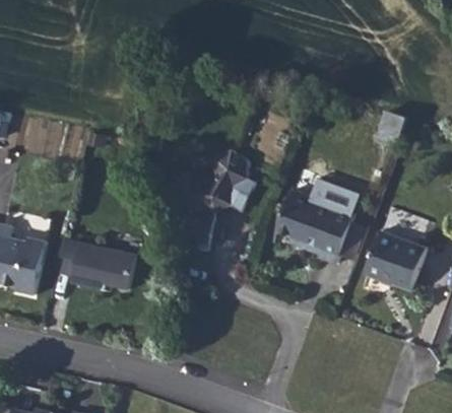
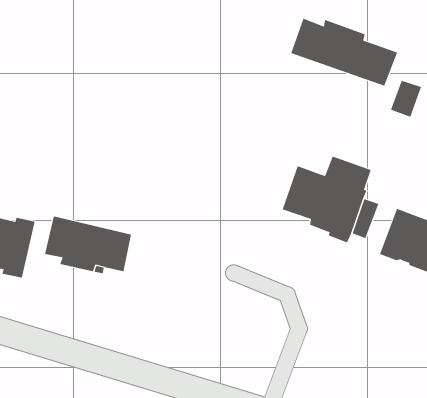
building: none -> [290,18,398,86]
building: [168,150,256,252] -> none

